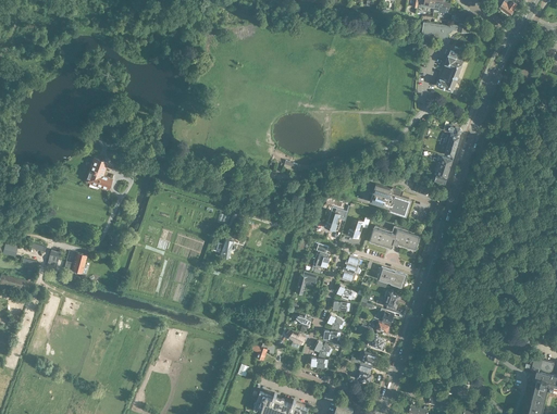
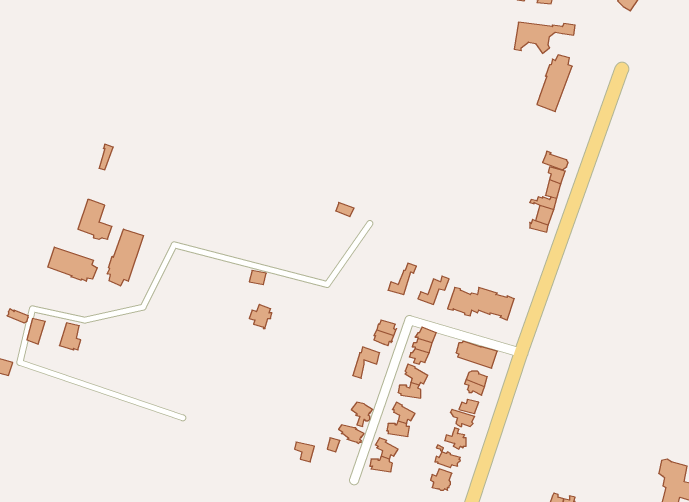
building: none -> [107,229,143,286]
building: [370,186,410,216] -> none
building: none -> [48,247,97,281]

